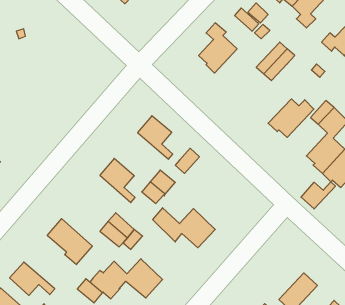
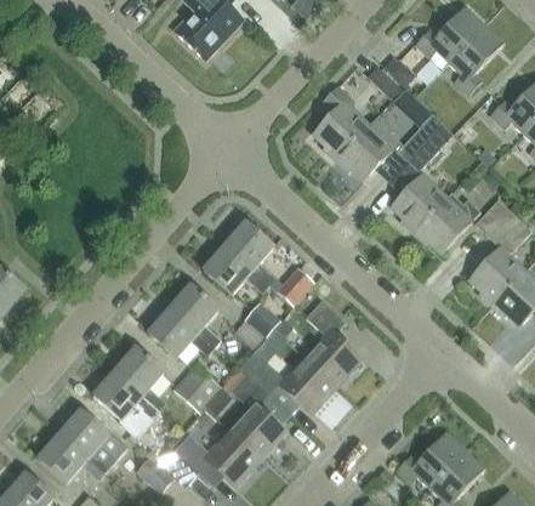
building: none -> [335,114,398,181]
building: none -> [391,175,446,233]
building: none -> [201,246,268,295]
building: none -> [305,301,362,387]
building: none -> [147,308,214,358]
building: [301,182,335,209] -> none
building: none -> [113,347,165,411]
building: none -> [228,373,285,460]
building: none -> [58,410,126,473]
building: none -> [395,431,465,489]

